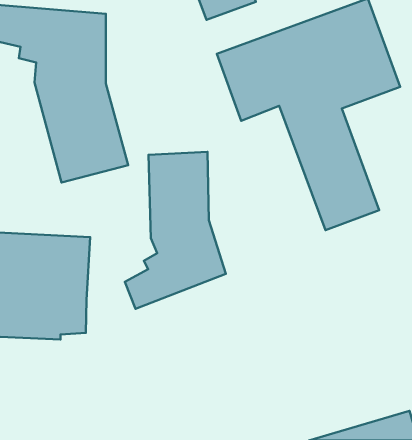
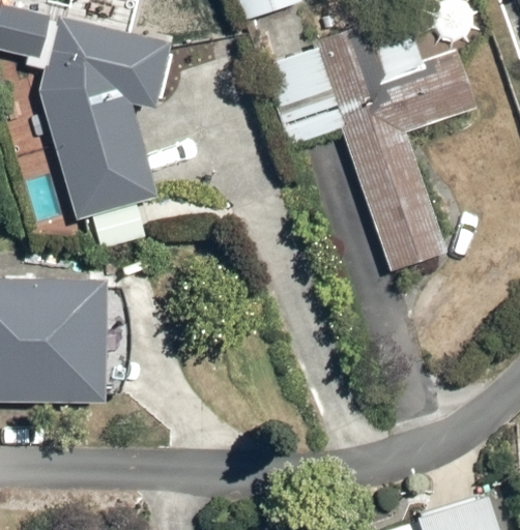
building: [125,152,226,309] -> none

